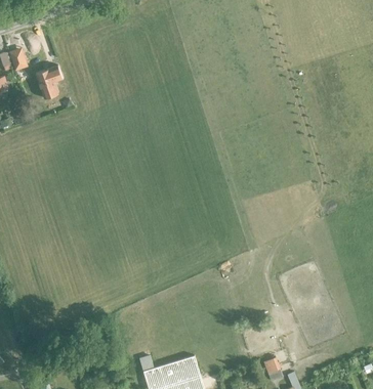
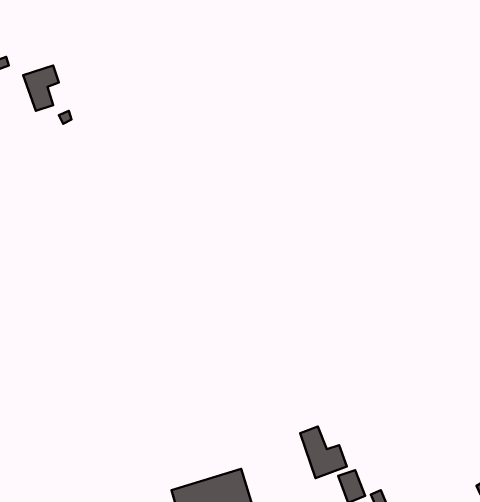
building: none -> [300,427,347,478]

